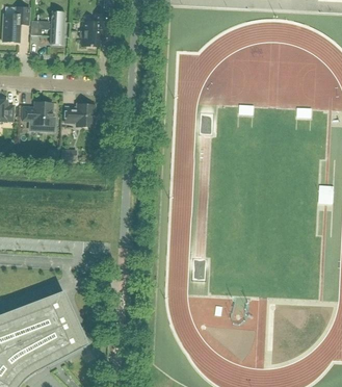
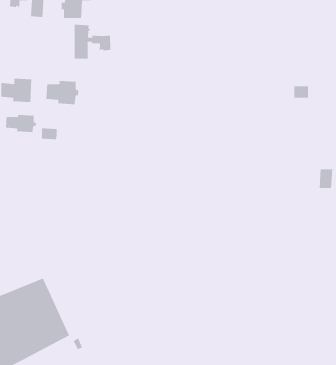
building: none -> [74,24,111,59]
building: none -> [6,114,37,133]

